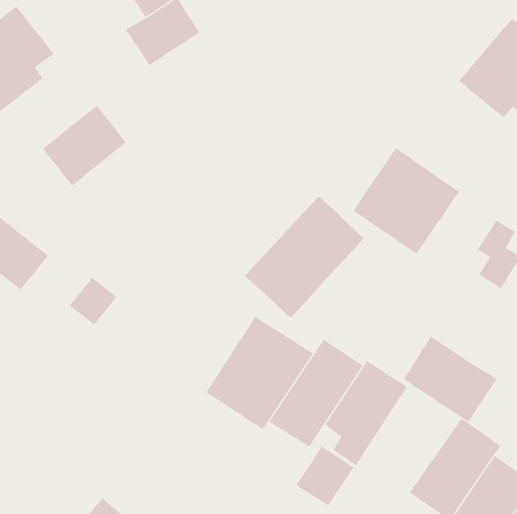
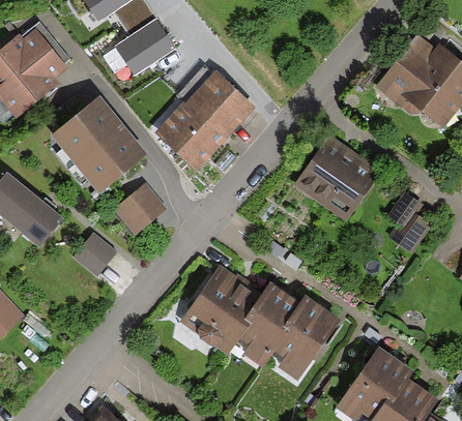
building: none -> [77,131,142,193]
building: [244,195,364,319] -> [157,73,251,169]
building: none -> [114,185,164,234]
building: [403,336,498,422] -> none
building: [296,445,354,506] -> none

